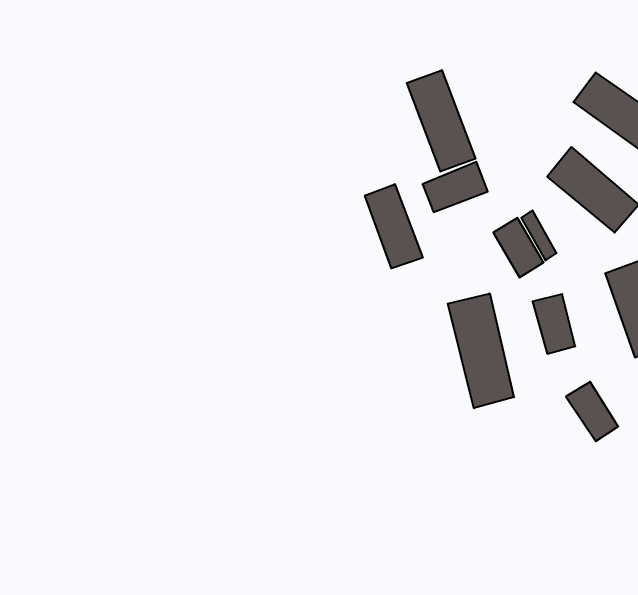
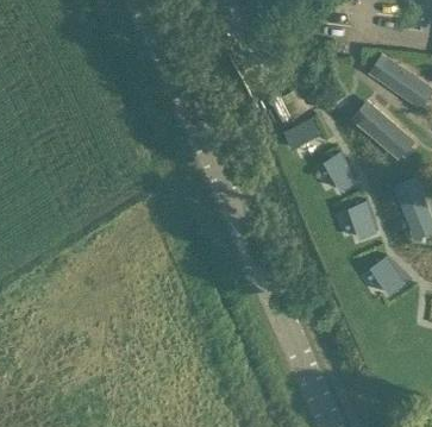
building: [407,70,476,172] -> none
building: [365,184,423,268] -> none
building: [448,293,514,408] -> none

